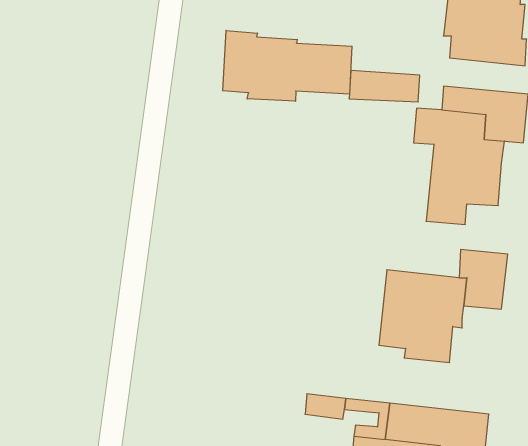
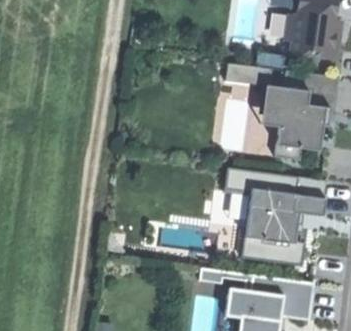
building: [223,30,352,101] -> none

